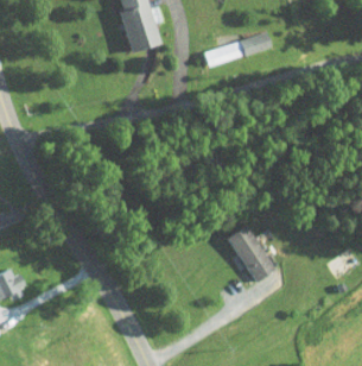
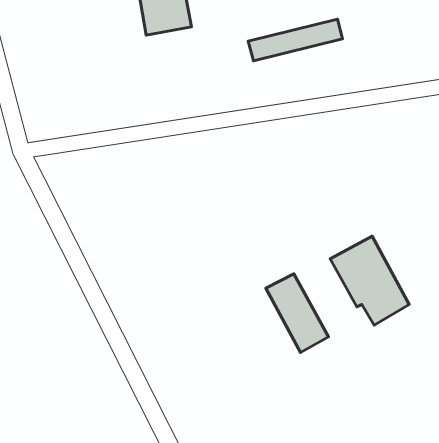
building: none -> [330,236,409,325]

